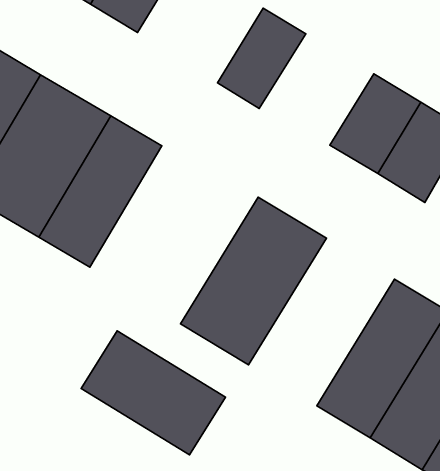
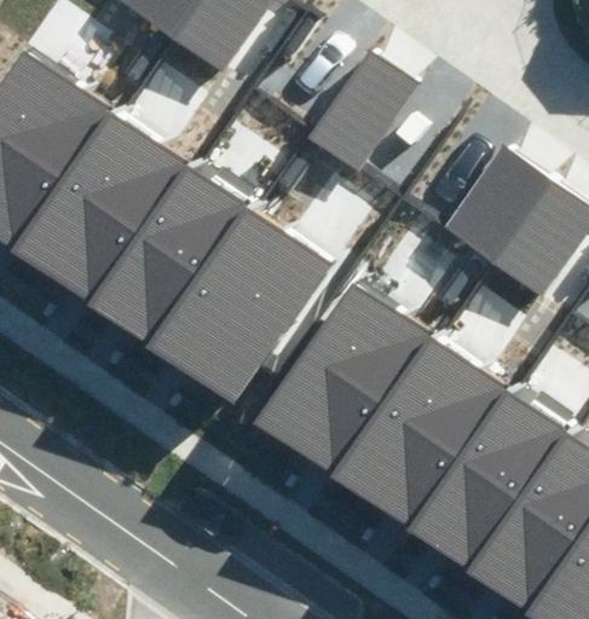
building: none -> [148,207,330,404]
building: none -> [328,330,508,528]
building: [81,331,226,455] -> none

